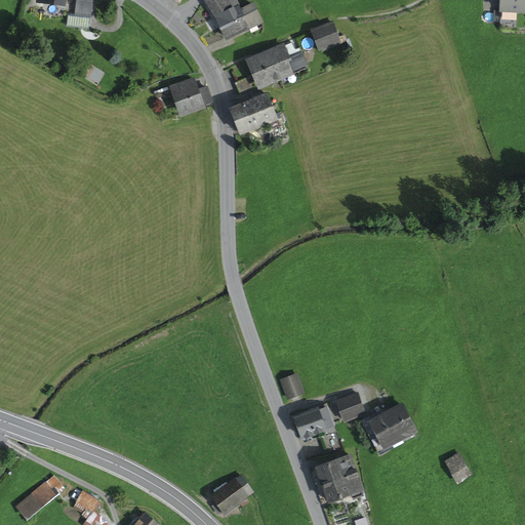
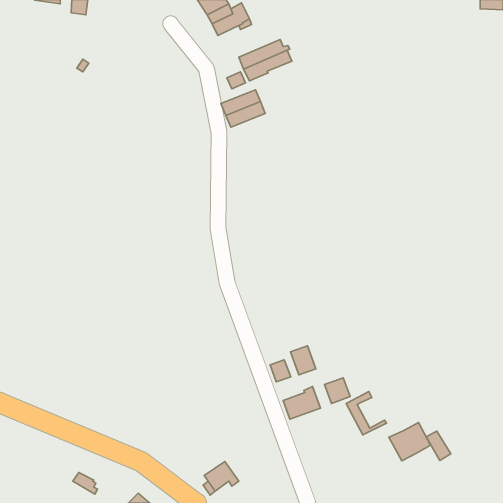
building: [312,22,339,49] -> none
building: [171,78,210,112] -> none
building: none -> [291,346,316,375]
building: [371,405,414,445] -> [389,423,430,461]
building: [316,454,362,500] -> none
building: [17,475,64,517] -> none

